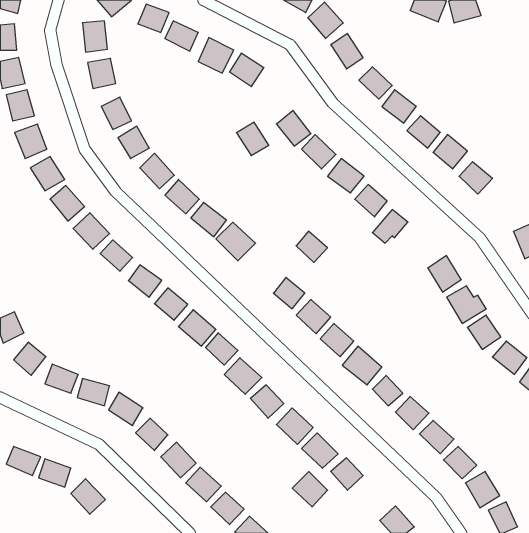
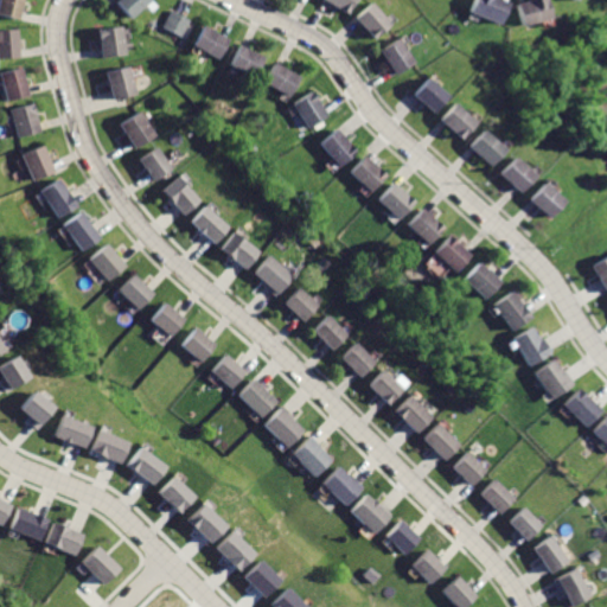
building: [236,122,269,156] -> [294,91,331,129]
building: none -> [465,261,504,301]
building: [296,231,327,262] -> [286,287,321,322]
building: [292,472,328,507] -> [407,549,447,589]

